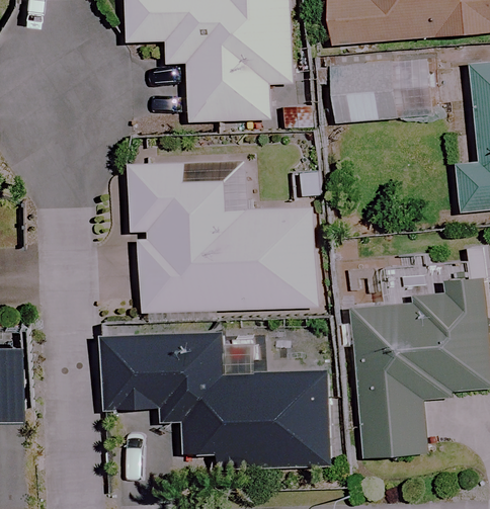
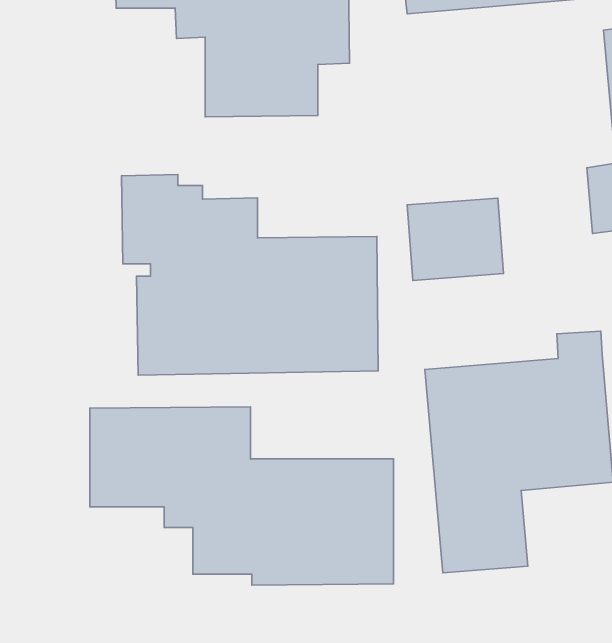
building: [328,61,399,121] -> [407,198,503,281]

